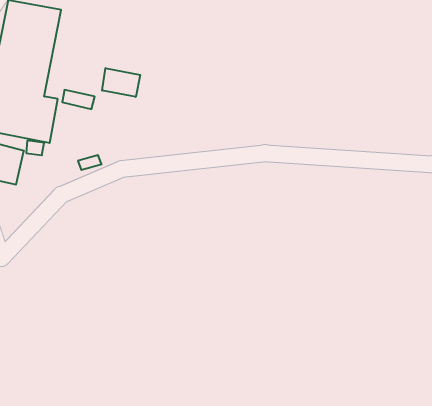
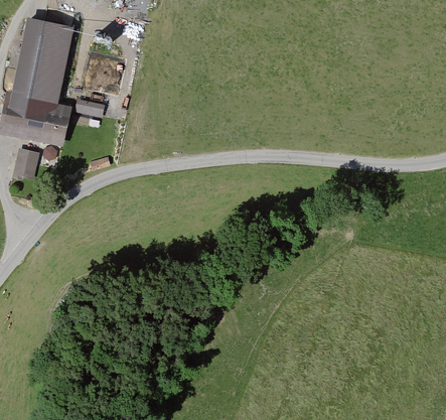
building: [102,68,140,97] -> none

